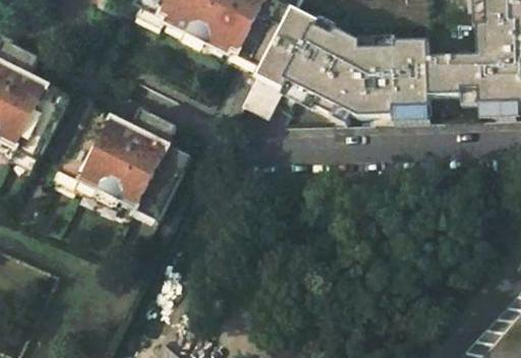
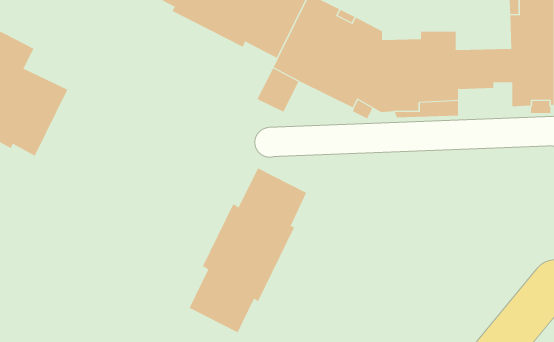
building: [59,103,182,214] -> none
building: none -> [189,167,307,333]

